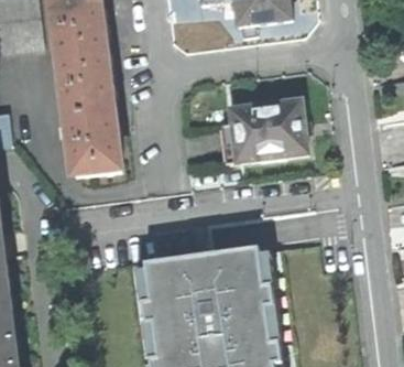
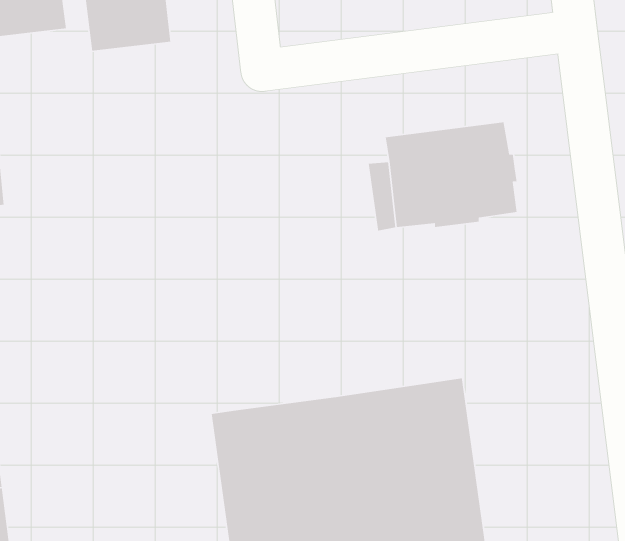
building: [59,52,121,173] -> none

